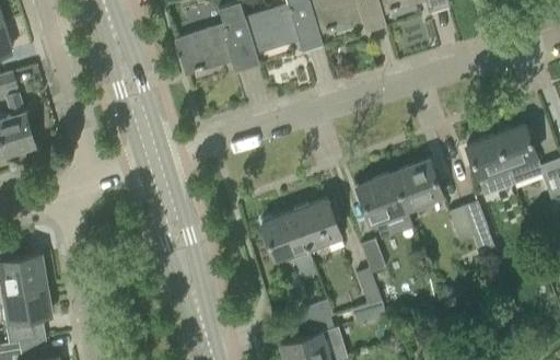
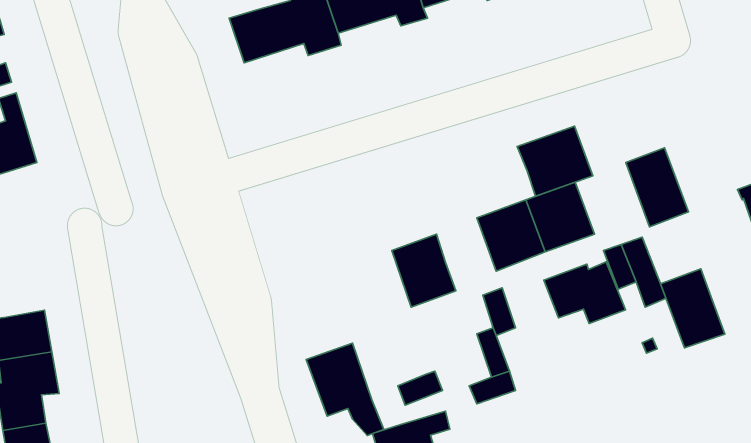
building: none -> [517,126,593,196]
building: [494,124,541,182] -> [661,269,725,348]
building: [260,210,317,278] -> [306,343,384,435]
building: none -> [544,262,625,324]

